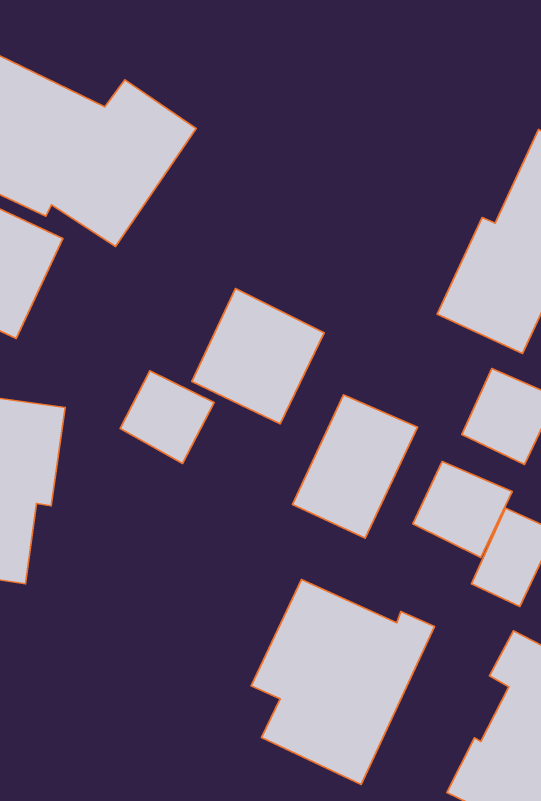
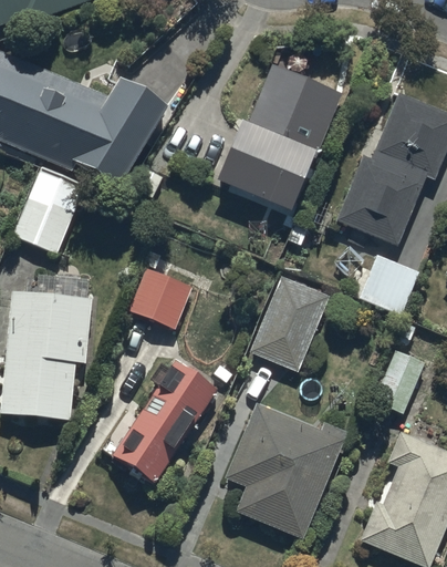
building: none -> [218,60,345,210]
building: [192,289,324,424] -> none
building: [413,461,512,558] -> none
building: none -> [113,357,219,481]

